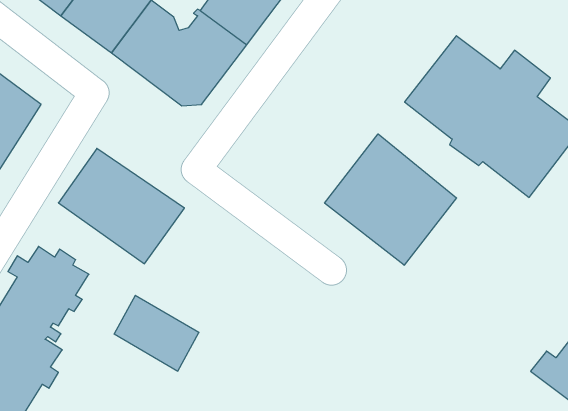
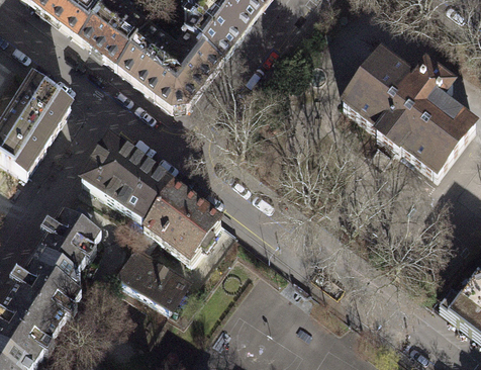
building: [325,134,457,265] -> none
building: none -> [141,180,225,262]

